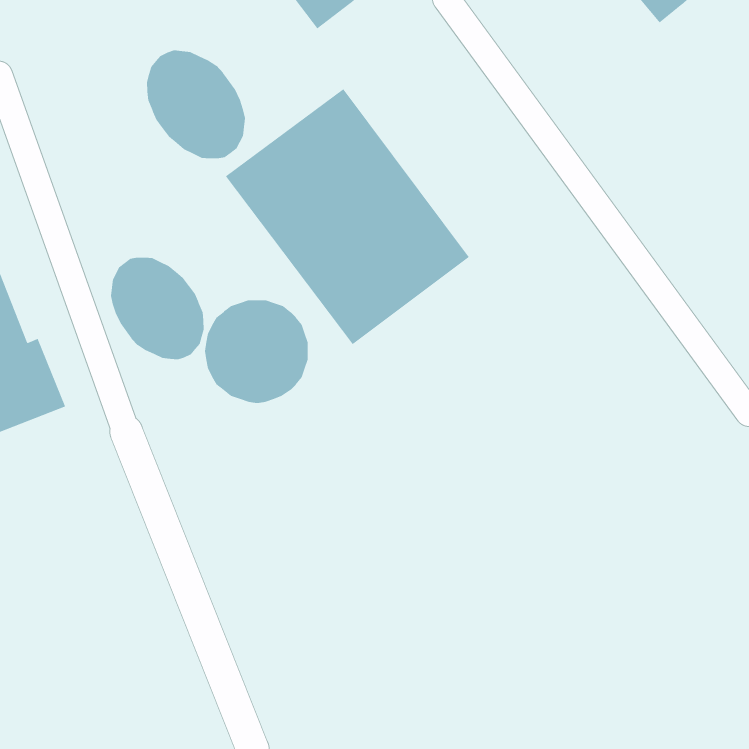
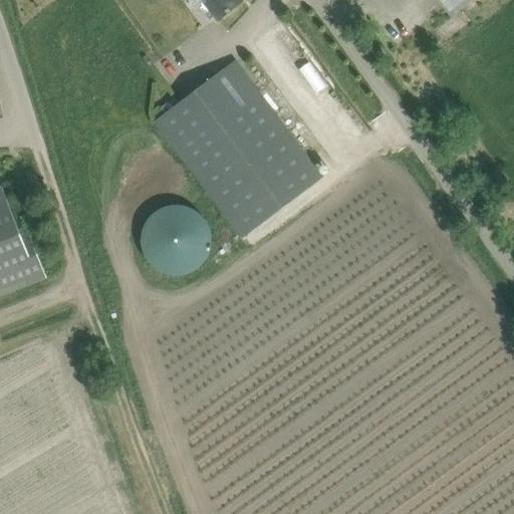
building: [146,50,246,159] -> none
building: [110,257,205,360] -> none

